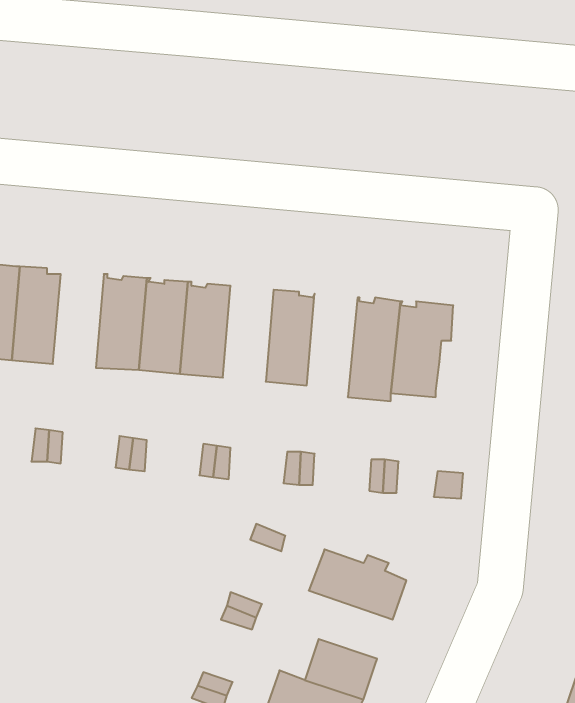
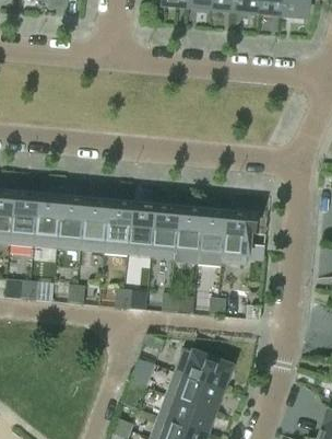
building: none -> [33,194,61,249]
building: none -> [128,203,156,256]
building: none -> [175,207,203,265]
building: none -> [168,373,223,412]

